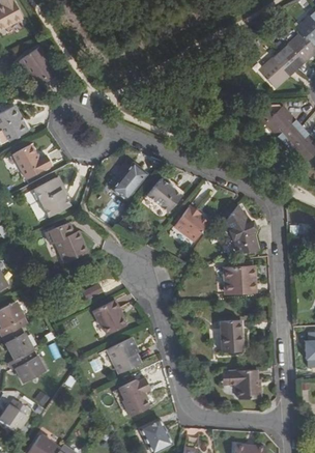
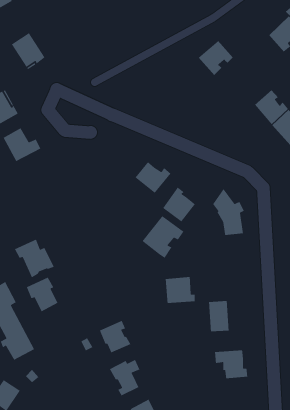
building: [260,51,296,87] -> [198,40,234,76]
building: [110,162,145,201] -> none
building: [33,178,69,217] -> none
building: [46,223,87,263] -> [14,238,55,278]
building: none -> [141,215,185,259]
building: [222,266,253,294] -> [165,276,196,304]
building: [91,299,124,335] -> [26,277,59,312]

